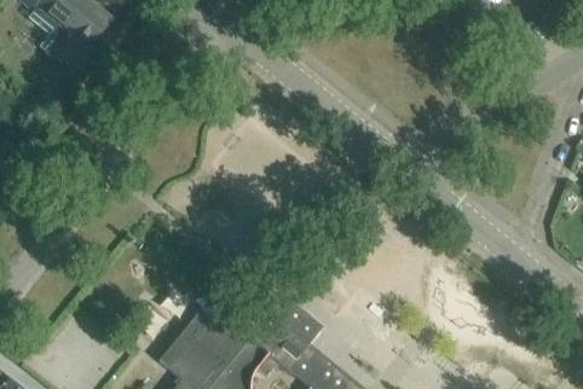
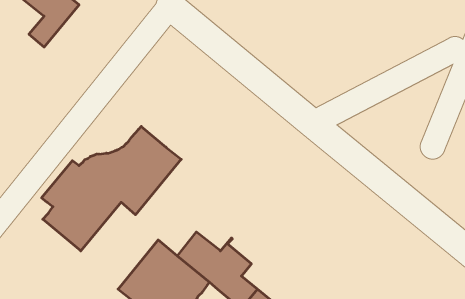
building: none -> [42,126,181,251]

